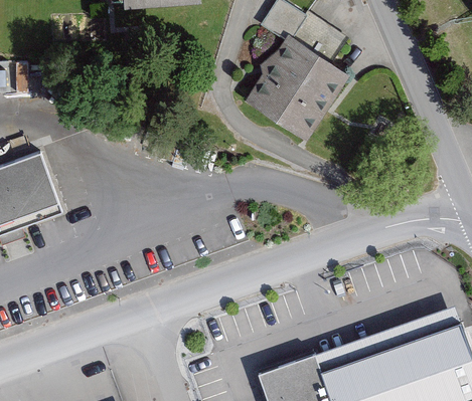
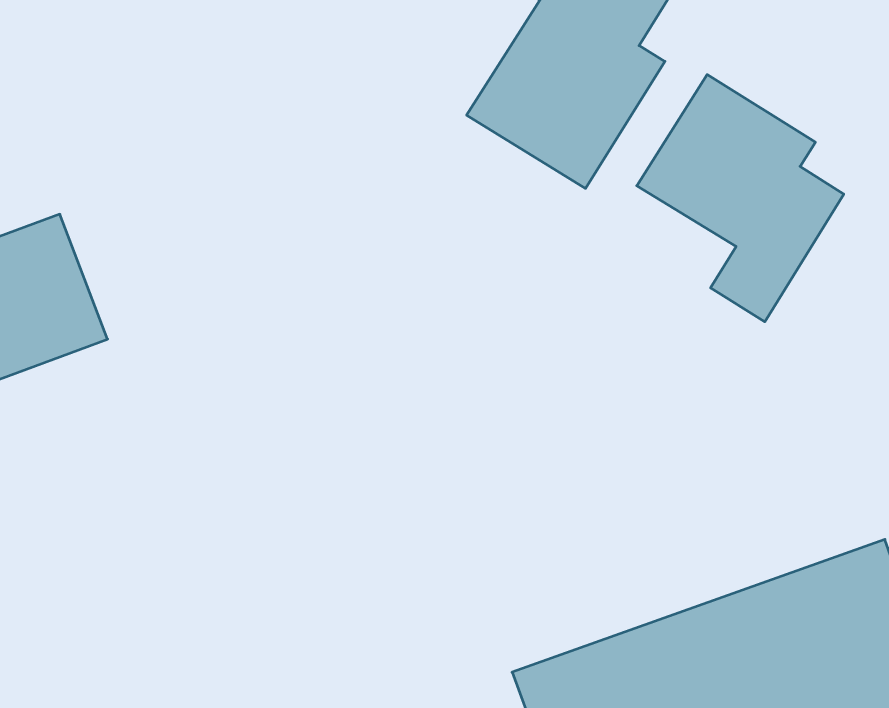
building: none -> [637,75,844,322]

